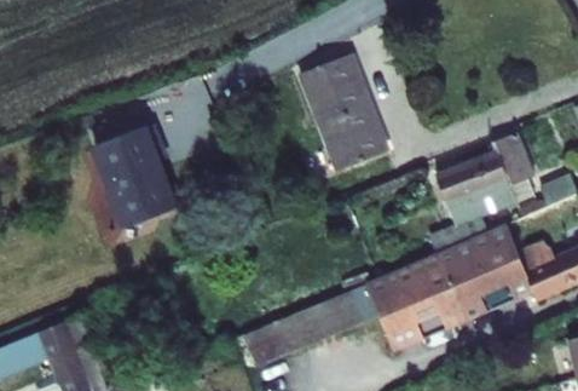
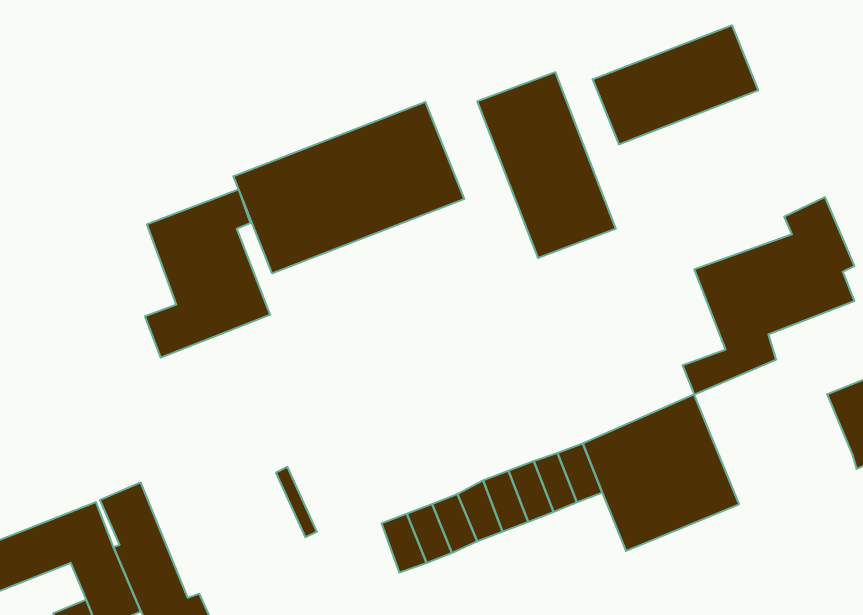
building: none -> [593,25,758,144]
building: none -> [233,102,464,273]
building: [437,224,534,321] -> none

